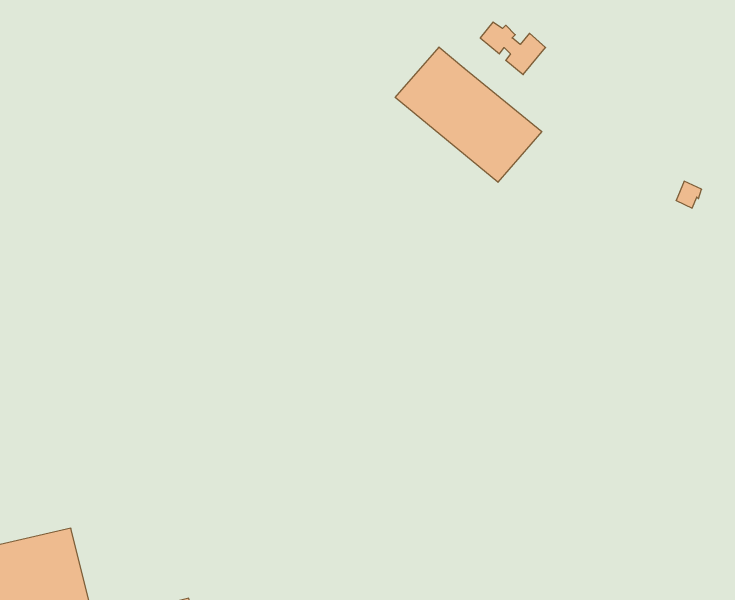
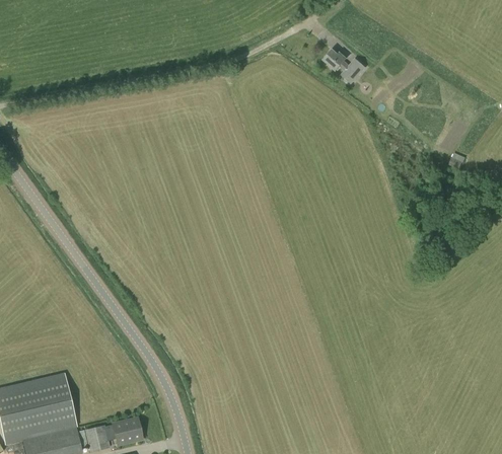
building: [395,47,542,182] -> none

